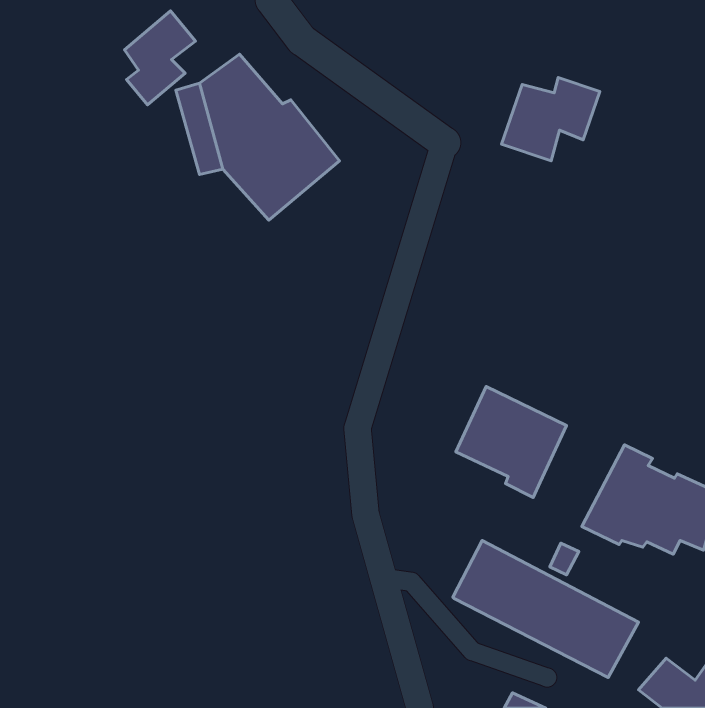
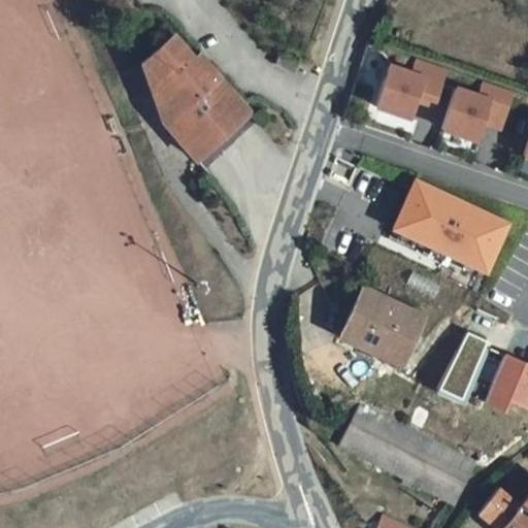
building: [125,11,196,105] -> none
building: none -> [441,80,517,143]
building: none -> [392,177,512,273]

